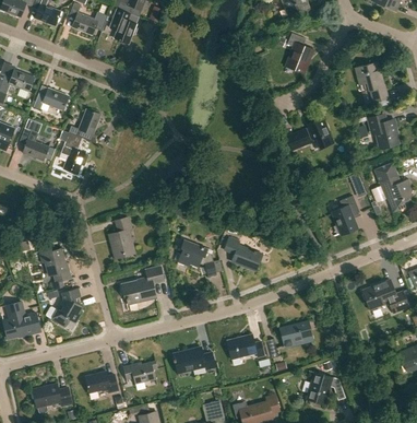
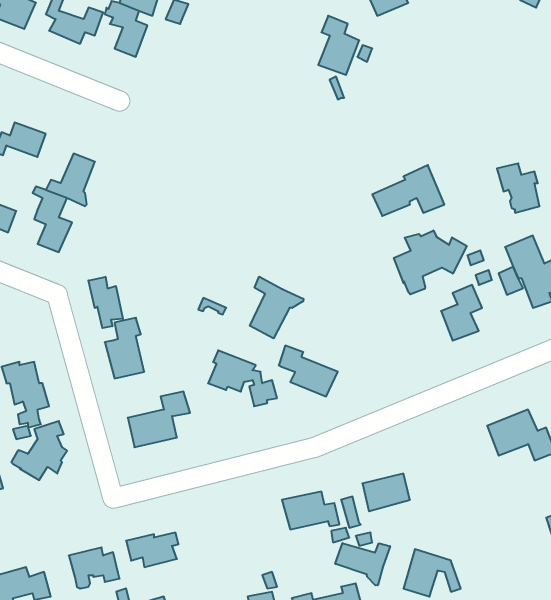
building: [286,33,313,72] -> [318,16,359,75]
building: [356,60,388,101] -> none
building: none -> [394,230,467,294]
building: none -> [250,277,303,338]
building: none -> [88,277,123,328]
building: [174,346,215,372] -> none
building: none -> [335,543,390,585]

